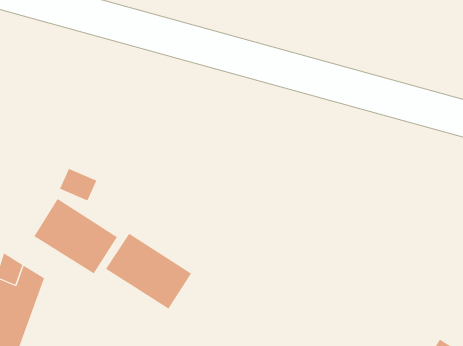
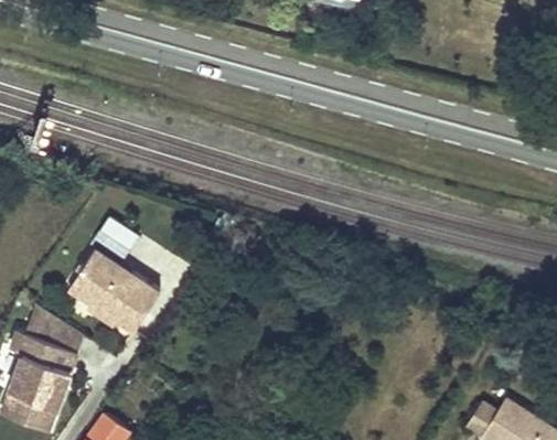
building: [105,233,192,310] -> none

